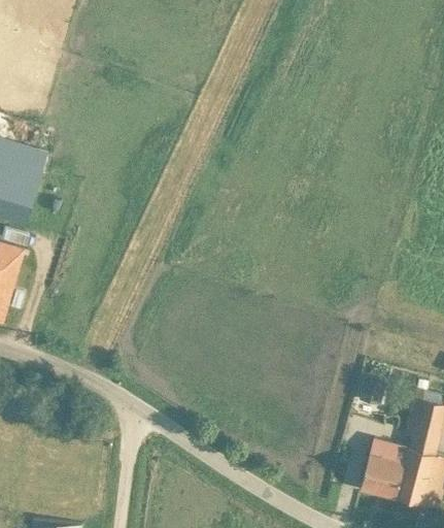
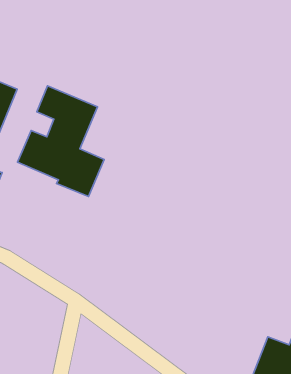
building: none -> [18,86,104,197]

